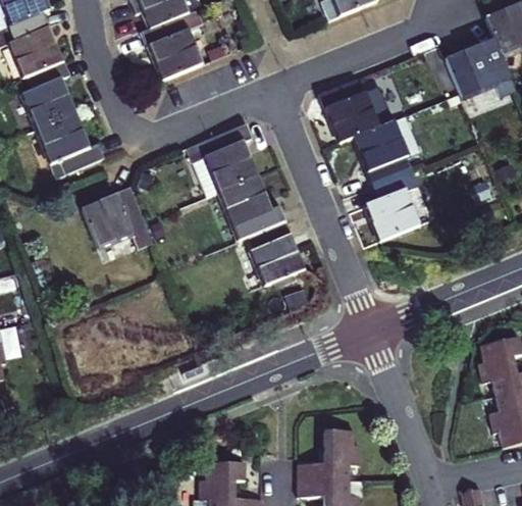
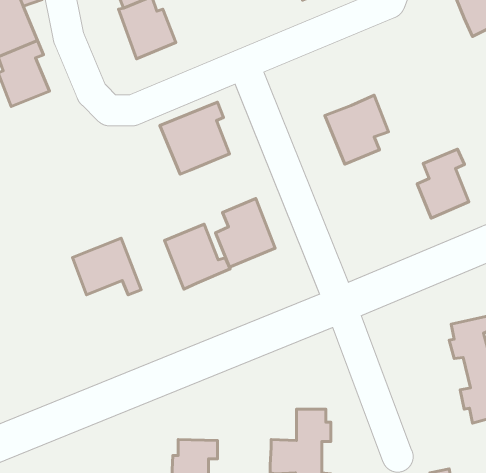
building: [446,38,510,97] -> none
building: [326,92,380,142] -> none
building: [38,111,103,176] -> none
building: [368,170,420,240] -> [417,149,469,218]
building: [218,174,284,240] -> [165,224,230,289]
building: [83,188,152,245] -> [72,238,141,295]

